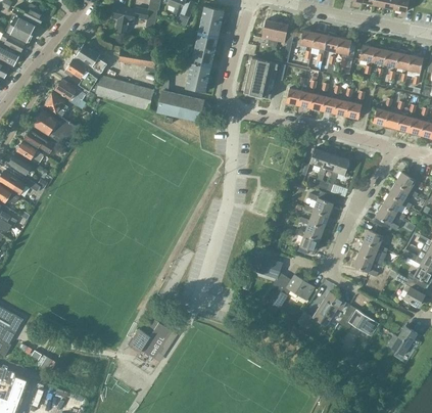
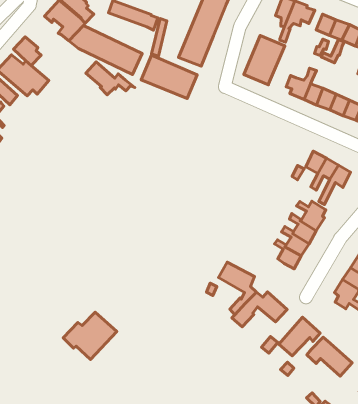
building: [54,79,98,105] -> [86,62,135,95]

